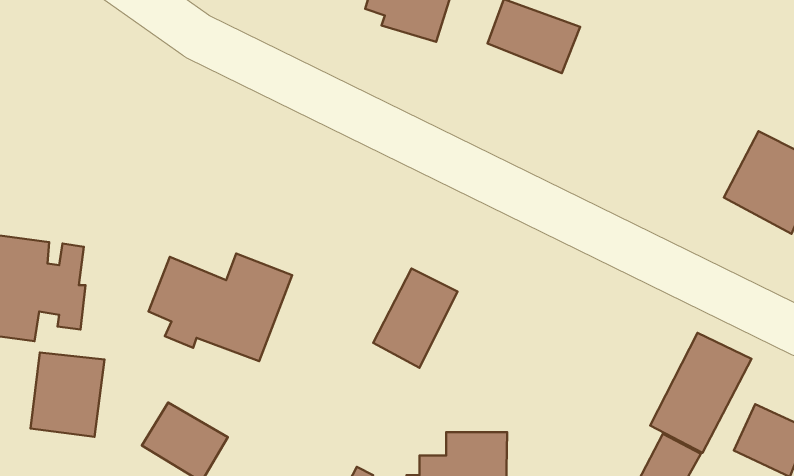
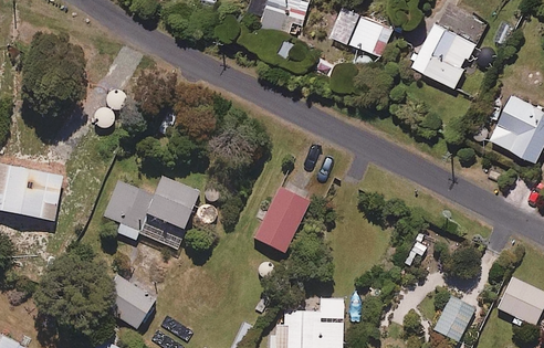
building: none -> [411,22,475,87]
building: [650,333,752,453] -> none
building: [31,352,105,437] -> none

